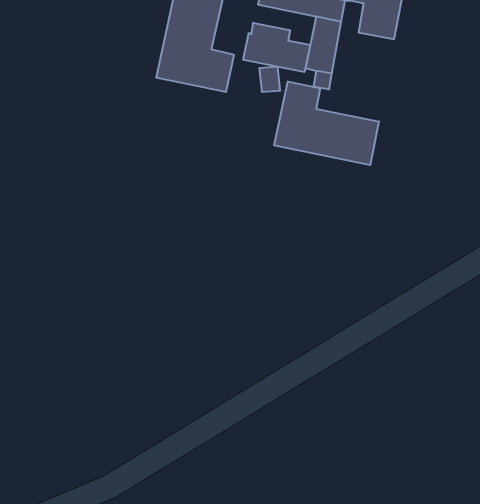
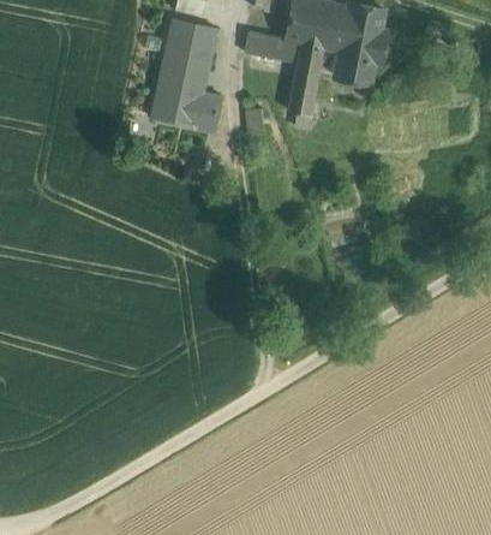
building: [243,23,310,72] -> none
building: [274,81,379,165] -> none

